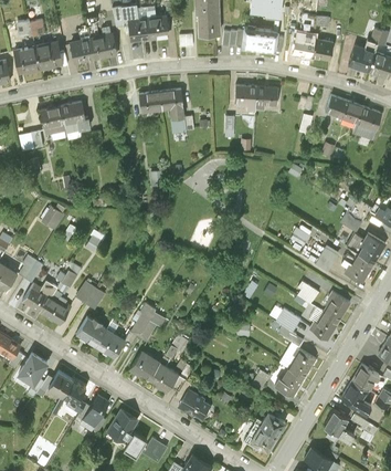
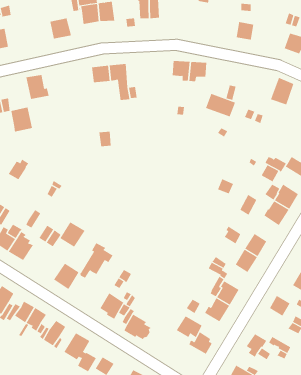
building: [240,27,277,51] -> none
building: [292,32,315,57] -> none
building: [68,39,94,64] -> none
building: [36,42,62,69] -> none
building: [348,45,376,71] -> none
building: [326,94,362,123] -> [205,93,236,117]
building: [40,105,66,135] -> [11,107,33,132]
building: [76,315,107,346] -> [60,222,85,248]
building: [129,350,160,380] -> none
building: [340,380,370,412] -> none
building: [244,423,276,450] -> [176,315,203,338]

